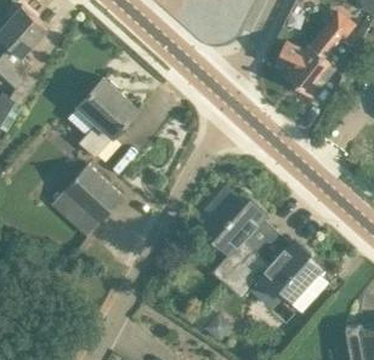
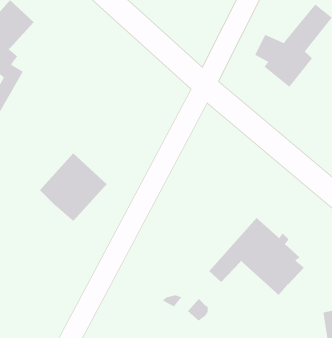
building: [78,78,138,156] -> none
building: [197,184,277,286] -> none

